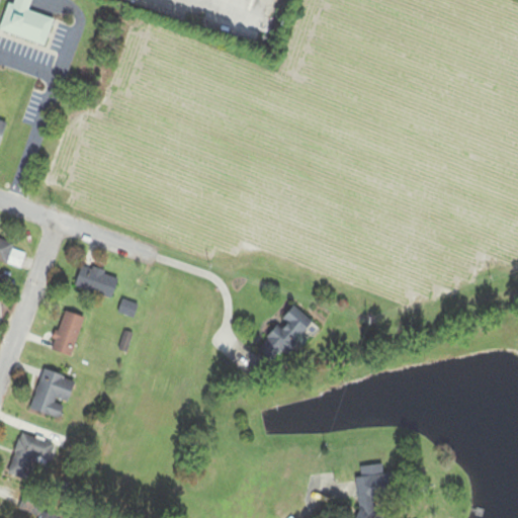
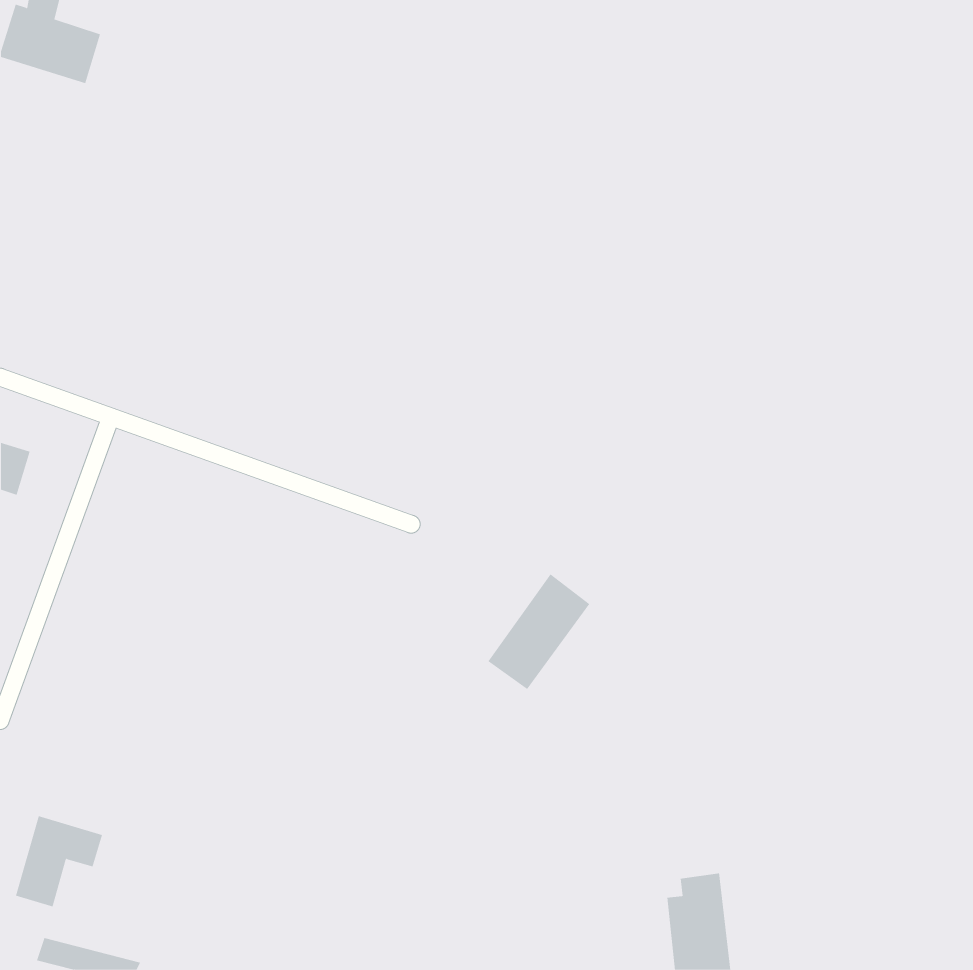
building: [75,264,120,299] -> none
building: [51,310,86,357] -> none
building: [29,369,75,420] -> none

